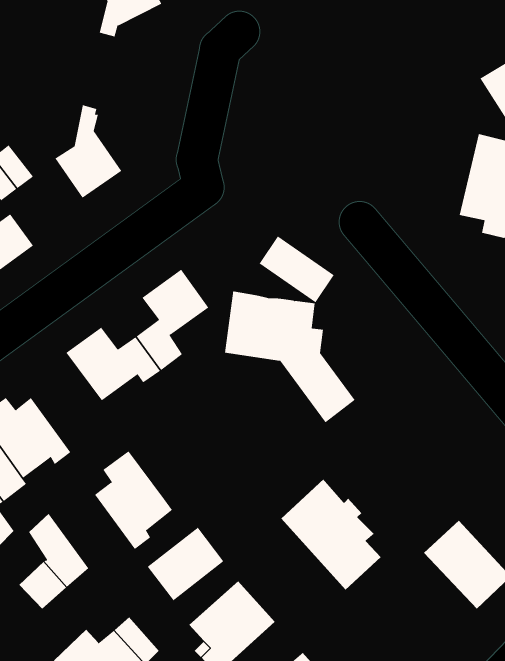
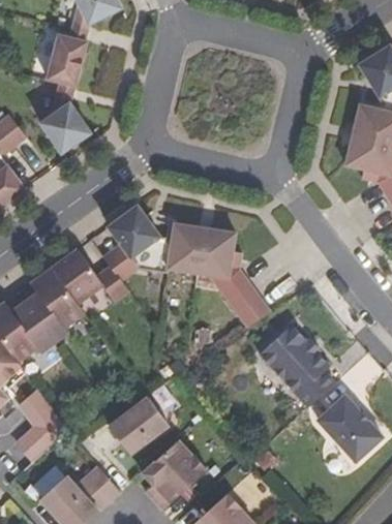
building: none -> [47,29,87,91]
building: [259,235,334,303] -> none
building: [94,451,173,550] -> [24,269,83,343]
building: [281,479,381,590] -> [260,323,335,407]

